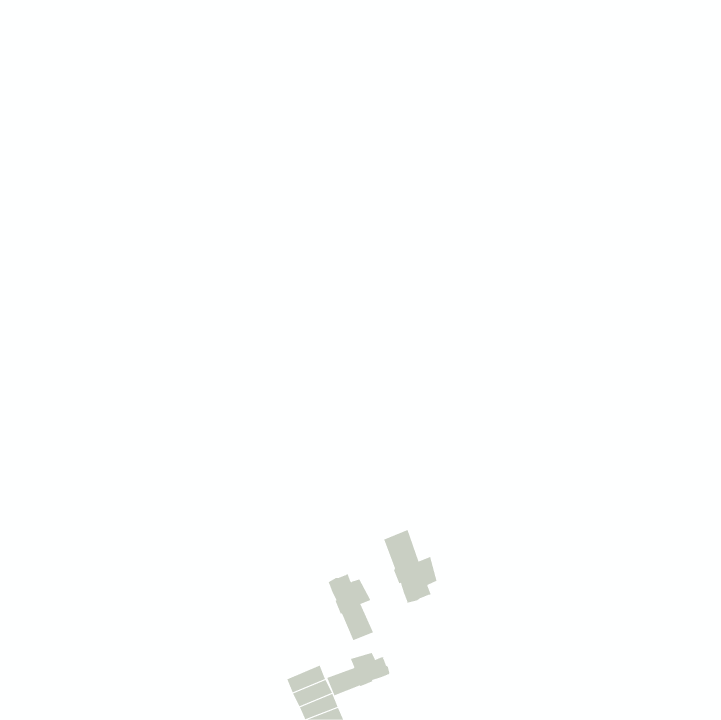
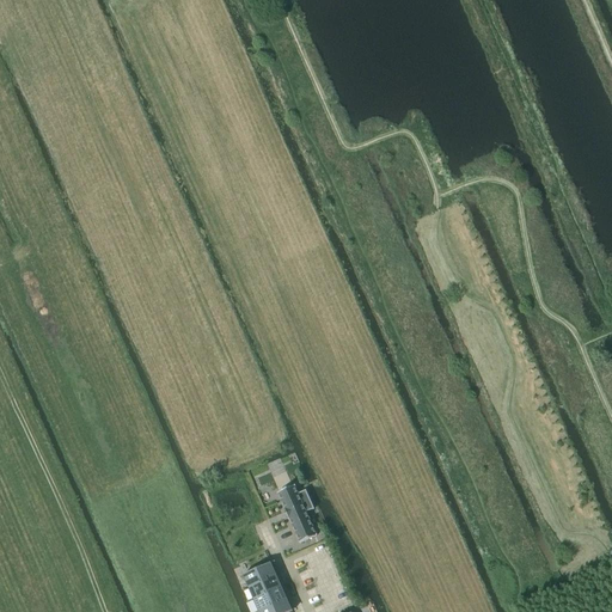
building: [383,529,437,604] -> none
building: [326,652,391,696] -> none

